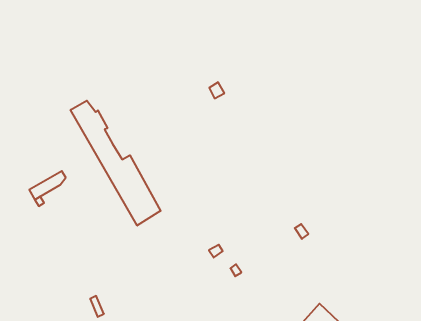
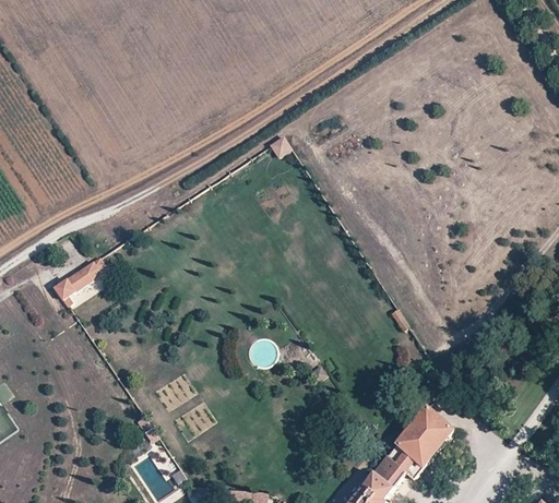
building: [71,101,161,226] -> none

